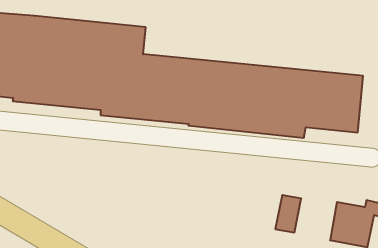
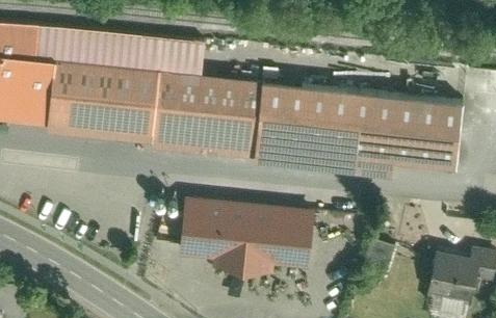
building: none -> [178,196,314,275]

